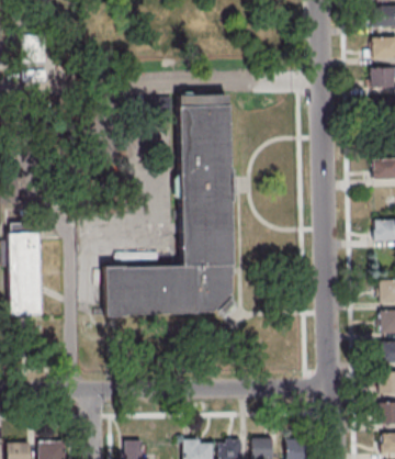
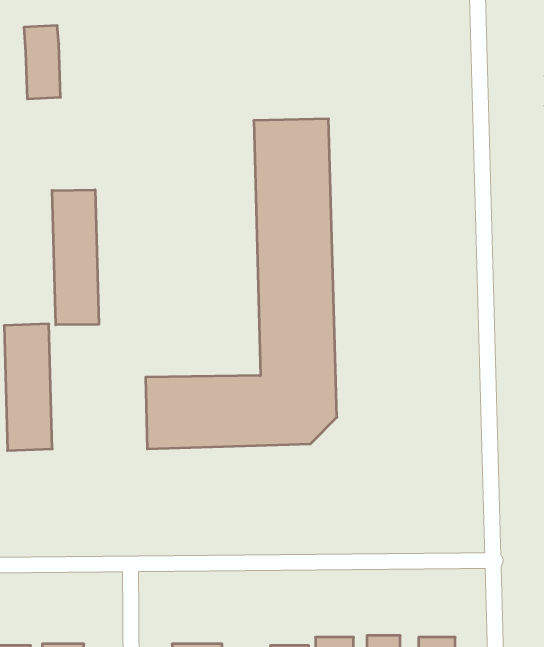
building: none -> [52,190,99,325]

